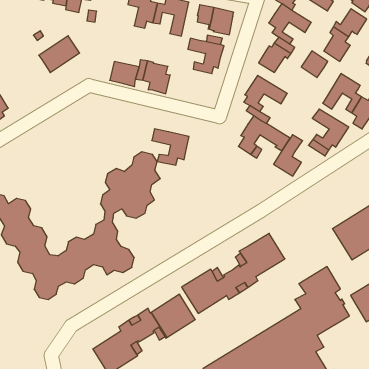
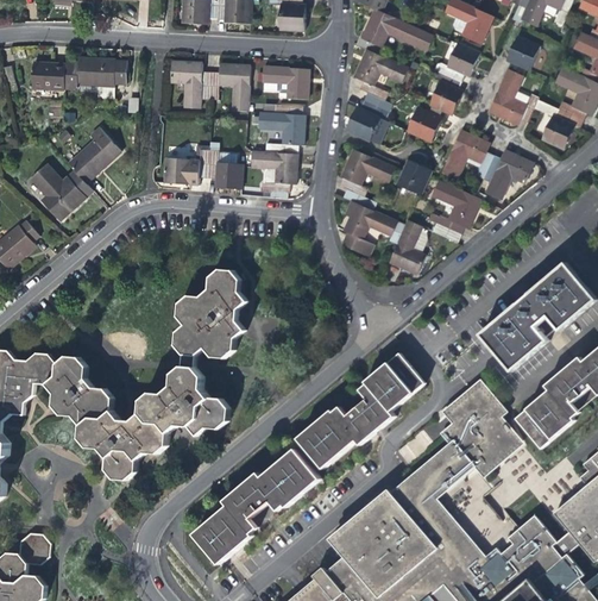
building: none -> [34,168,93,221]
building: none -> [398,159,430,193]
building: [152,129,189,165] -> [248,151,296,194]

